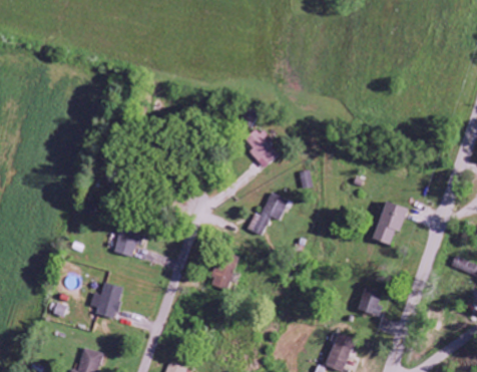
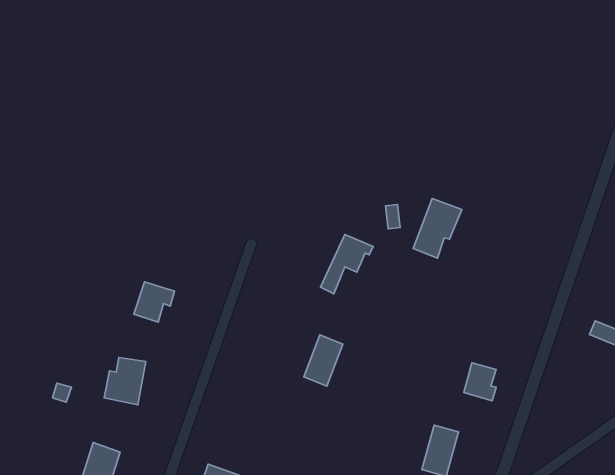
building: [241,128,278,166] -> none
building: [372,201,408,245] -> [413,199,462,258]
building: [209,252,238,290] -> [304,335,343,386]

